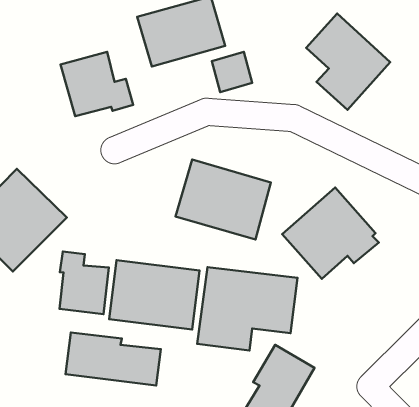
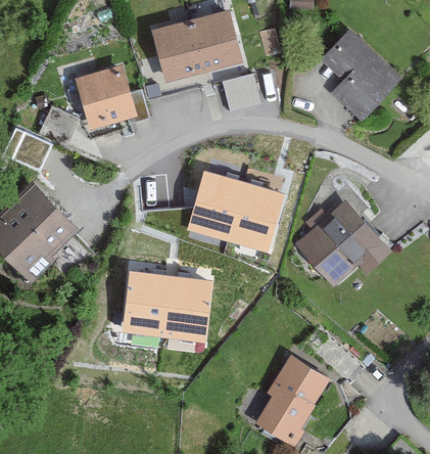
building: [60,251,109,314] -> none
building: [197,267,297,350] -> none
building: [66,332,161,386] -> none

